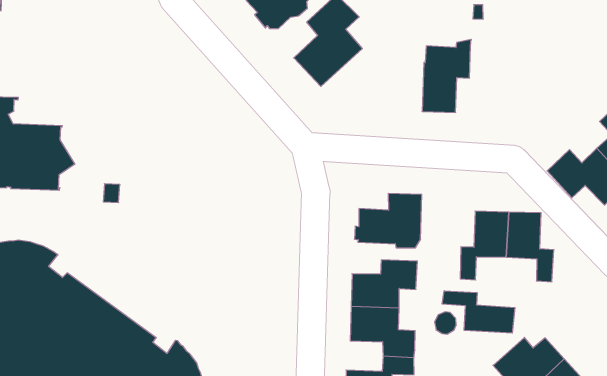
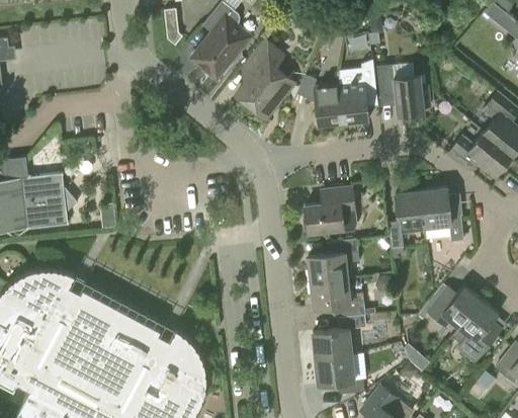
building: none -> [297,75,343,126]
building: none -> [377,66,430,116]
building: [442,291,515,333] -> none

